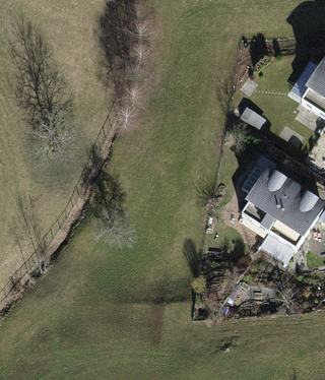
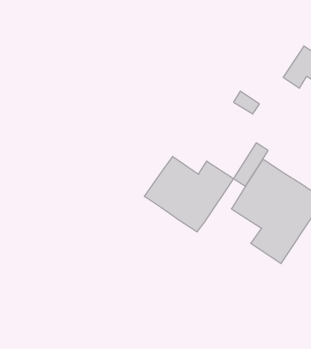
building: none -> [144,156,234,232]

